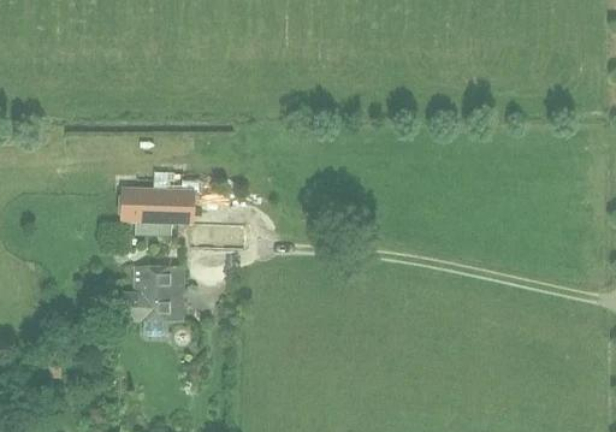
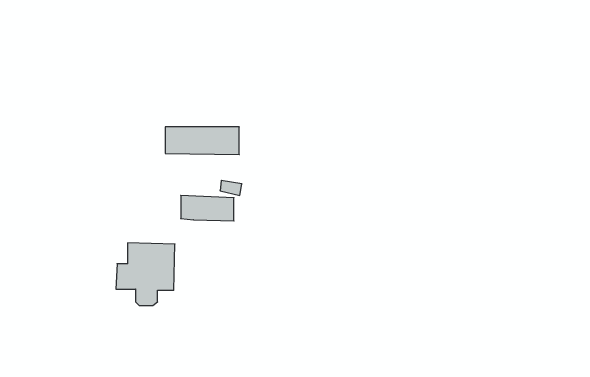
building: [123,193,200,221] -> [165,127,239,155]

